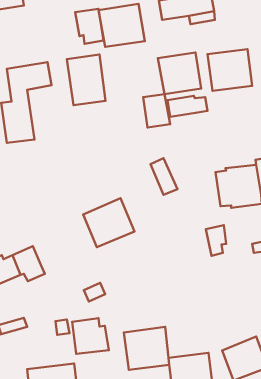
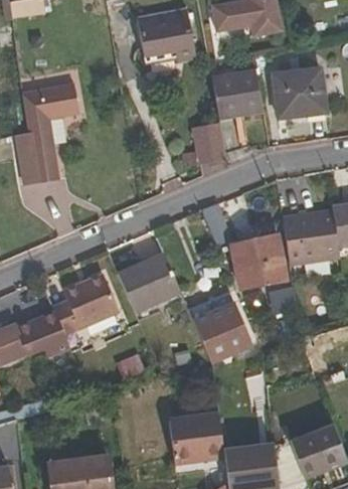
building: [75,9,104,44] -> none
building: [67,55,105,105] -> none
building: [168,96,208,117] -> none
building: none -> [231,233,285,290]
building: none -> [53,275,120,334]
building: none -> [188,301,249,358]
building: [72,318,109,354] -> none

